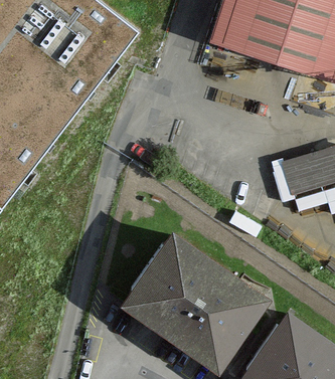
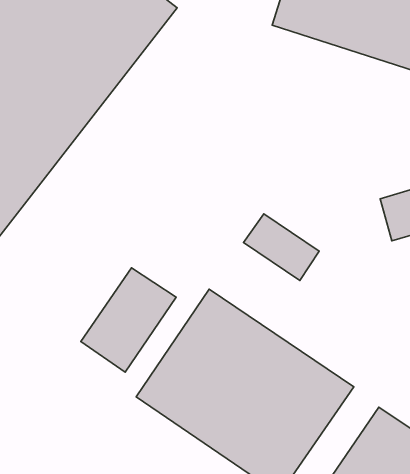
building: none -> [244,214,319,281]
building: none -> [81,268,176,372]

